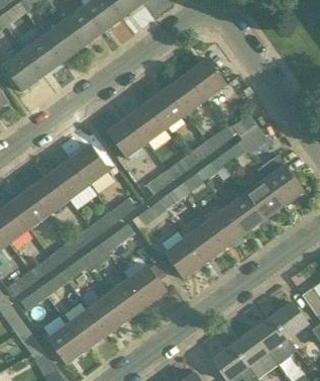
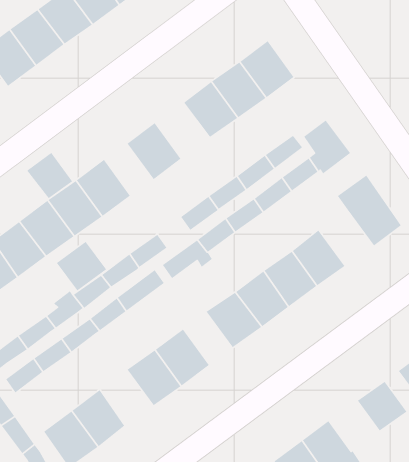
building: [126,103,166,144] -> none
building: none -> [26,152,73,199]
building: [243,180,283,220] -> none
building: none -> [56,241,107,291]
building: [87,294,125,335] -> none
building: [250,316,287,353] -> none

